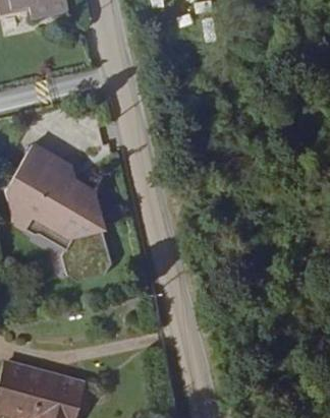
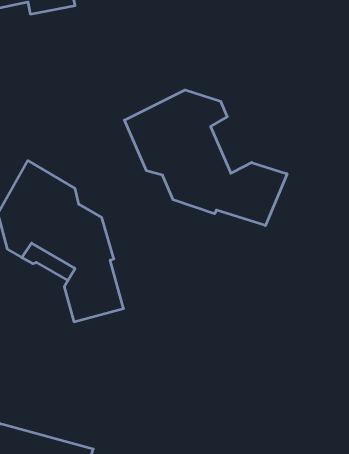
building: none -> [124,90,287,226]

